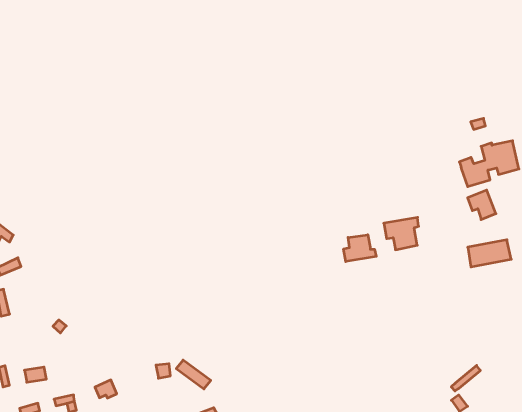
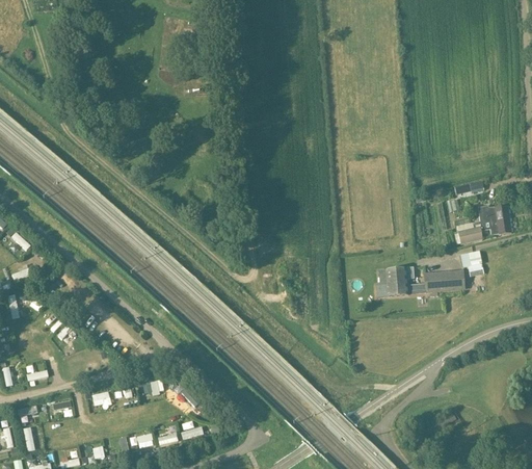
building: [344,235,376,262] -> none
building: [468,240,511,267] -> [424,269,463,291]

